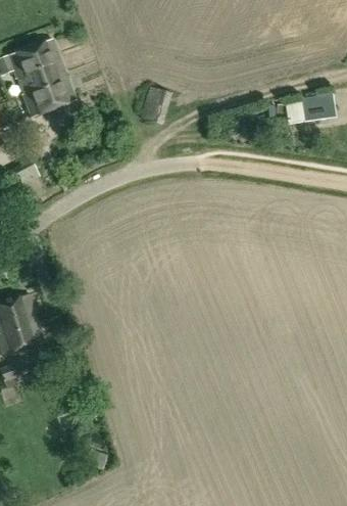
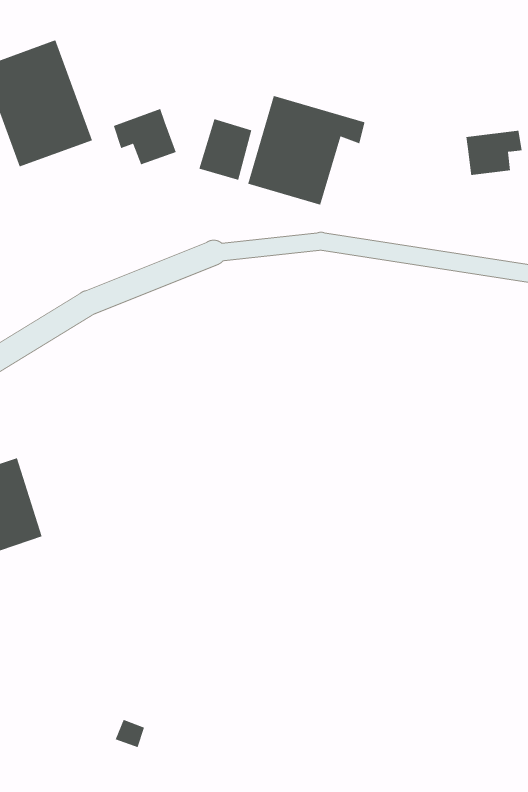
building: none -> [247,95,365,205]
building: none -> [113,108,176,165]

